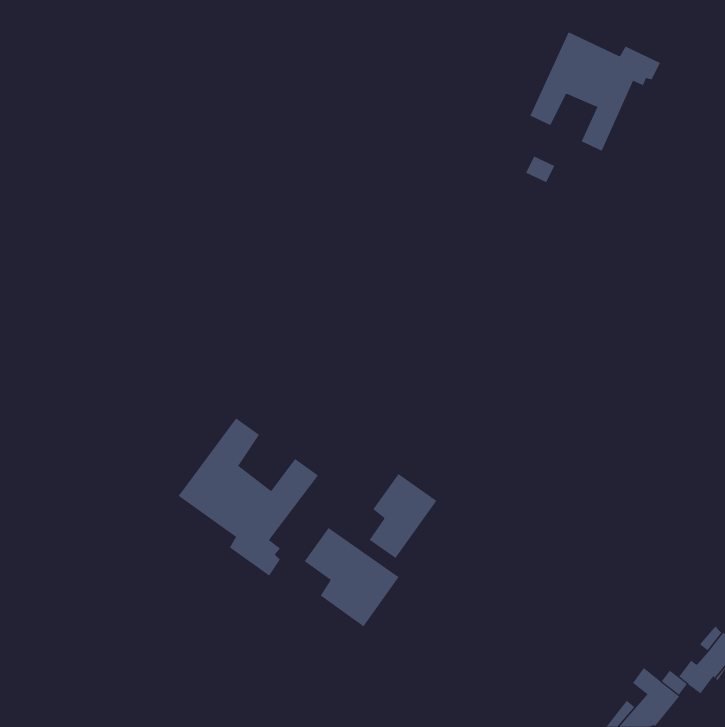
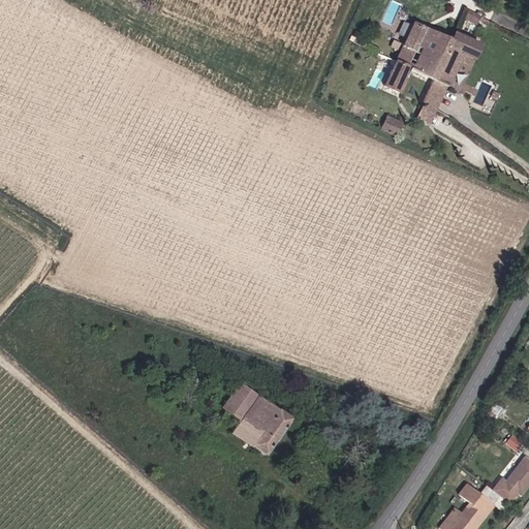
building: [178,417,319,576] -> none
building: [369,473,437,559] -> none

